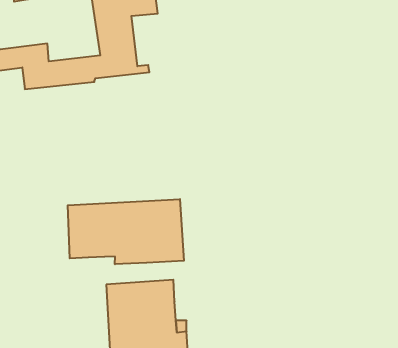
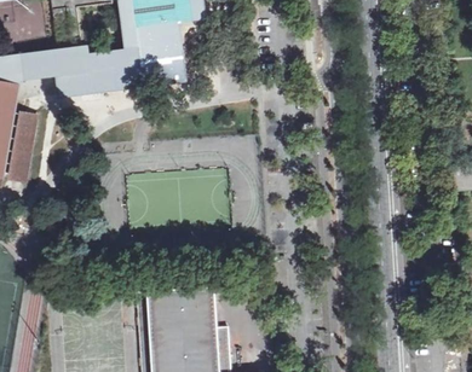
building: [68,199,184,264] -> none

